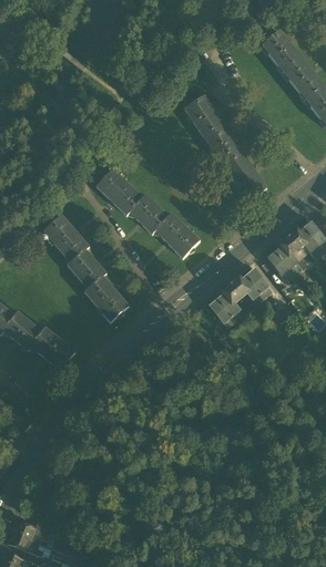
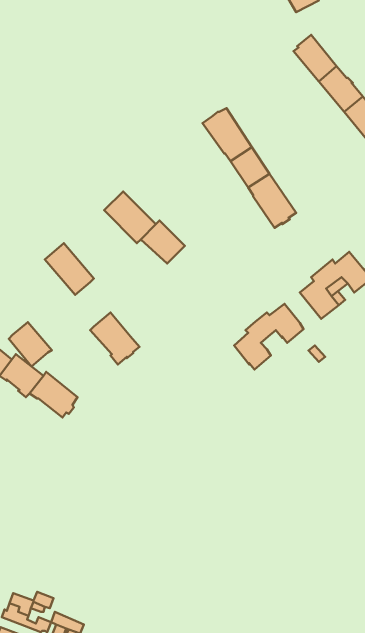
building: [155,215,198,257] -> none
building: [68,249,105,288] -> [9,322,52,367]

